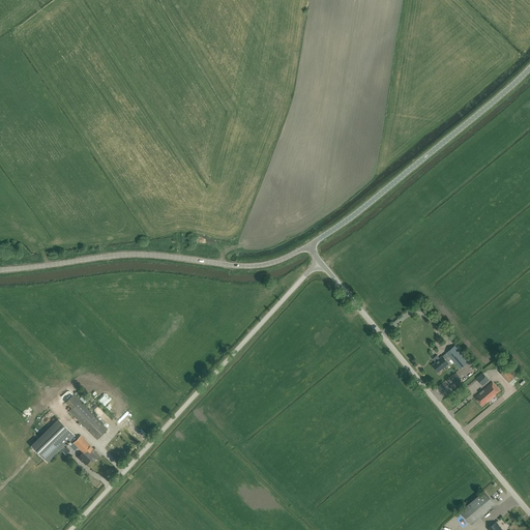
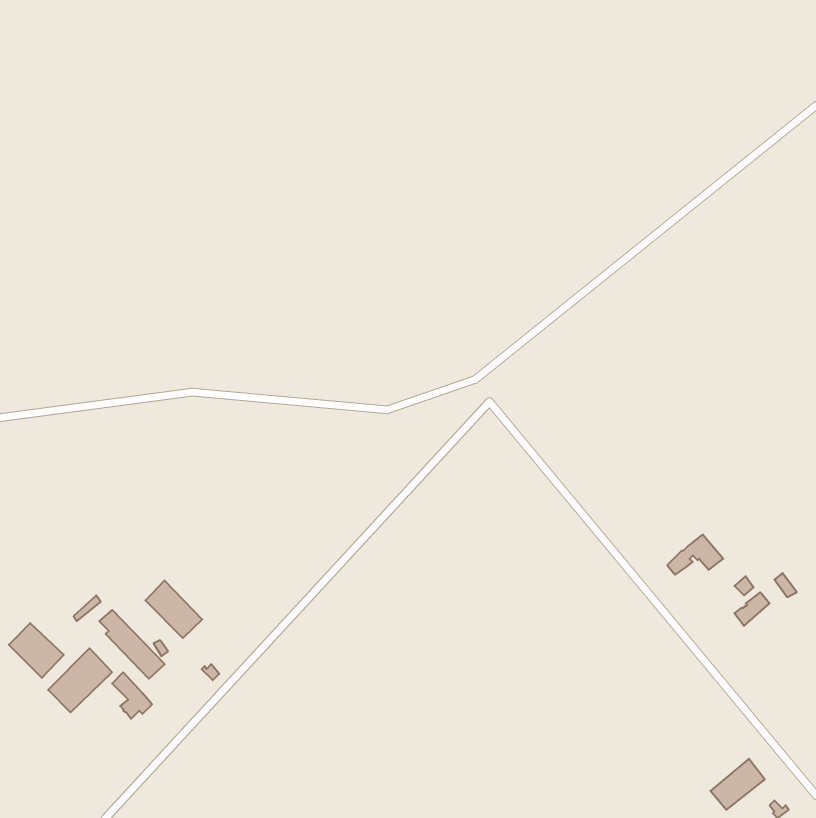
building: none -> [145,580,202,638]
building: none -> [9,623,64,678]

